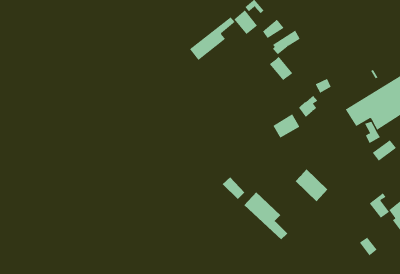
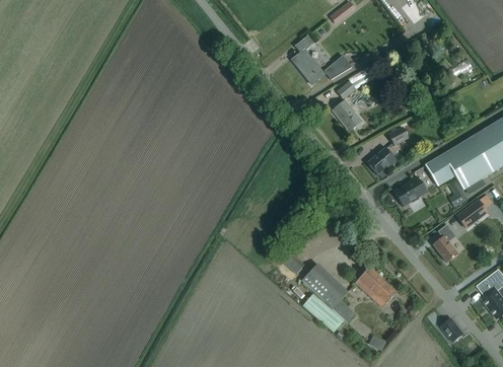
building: [189,16,235,61] -> none
building: [272,113,300,139] -> [394,175,428,206]
building: [295,169,328,202] -> [356,266,397,306]
building: [369,193,390,219] -> [433,230,458,262]
building: none -> [303,293,345,333]

